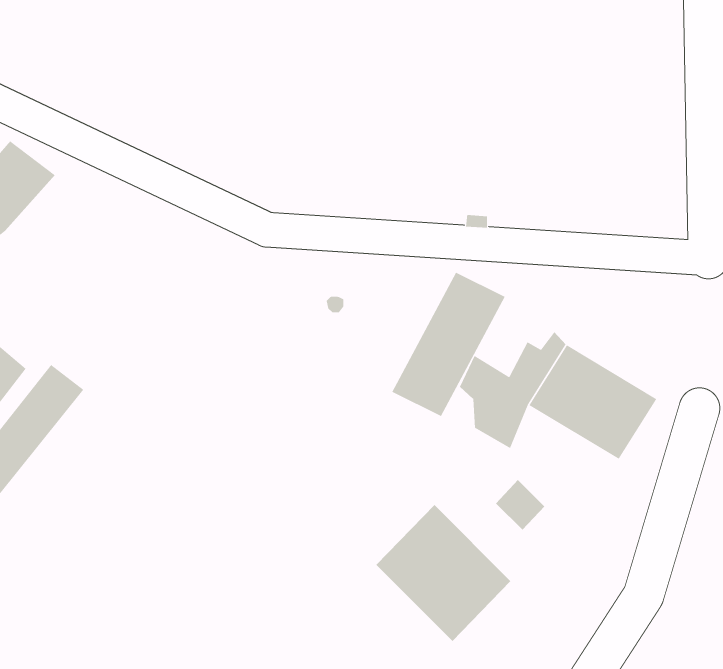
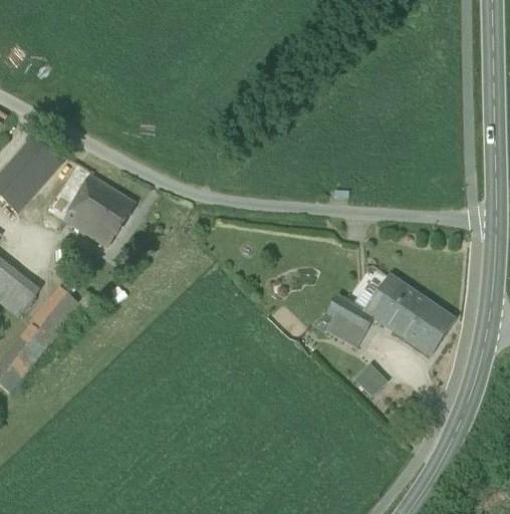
building: none -> [63,178,133,248]
building: [391,272,506,417] -> none
building: [376,504,511,642] -> none

